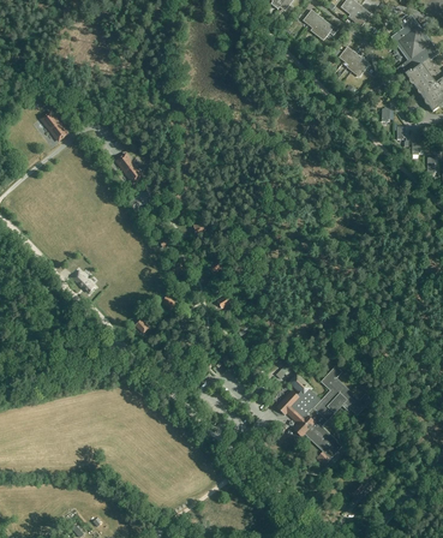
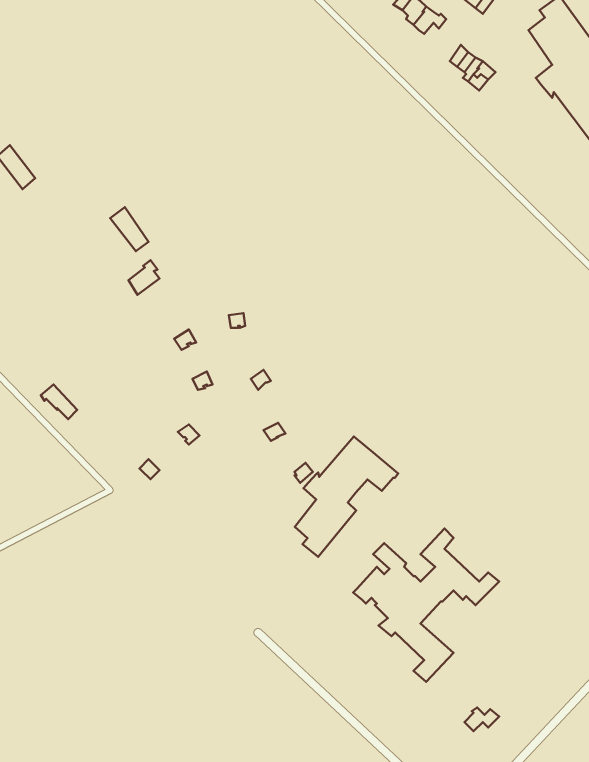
building: none -> [295,437,398,557]

